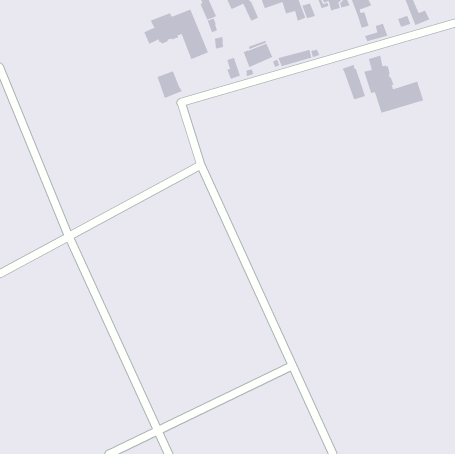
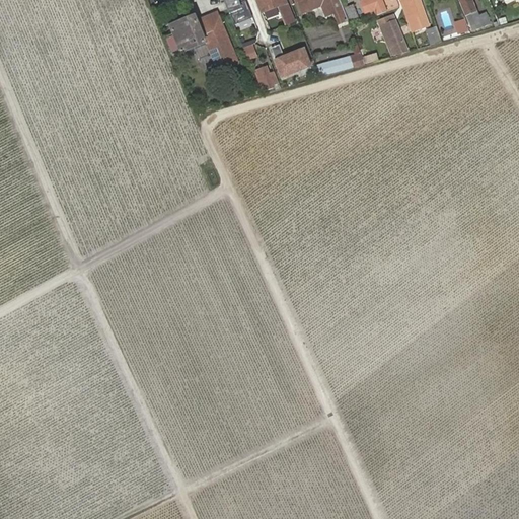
building: [364,55,424,113] -> none
building: [342,64,366,100] -> [378,14,405,55]
building: [157,70,182,99] -> none

